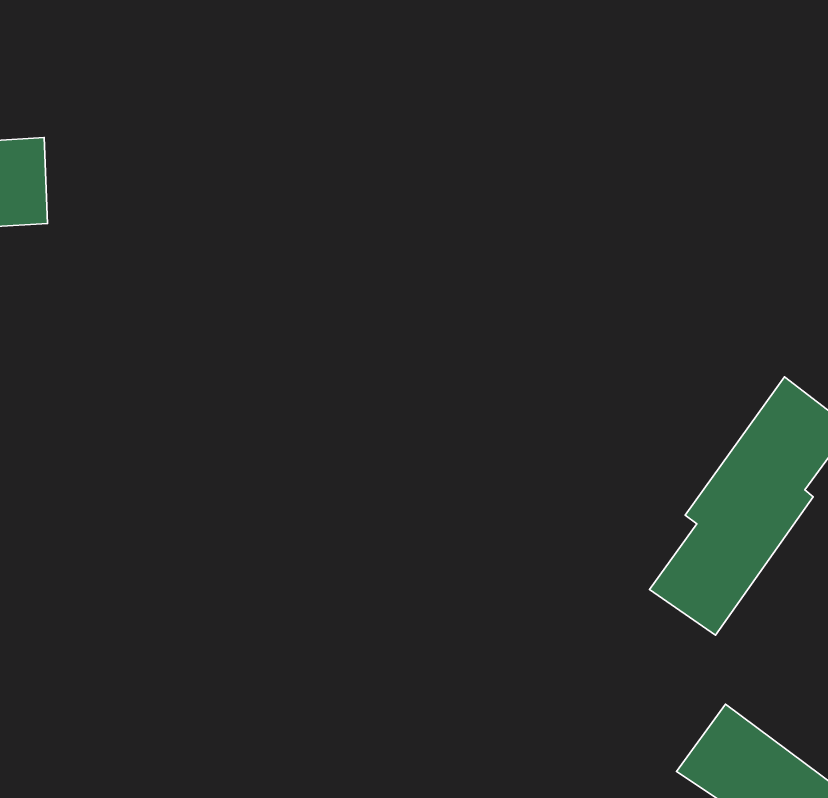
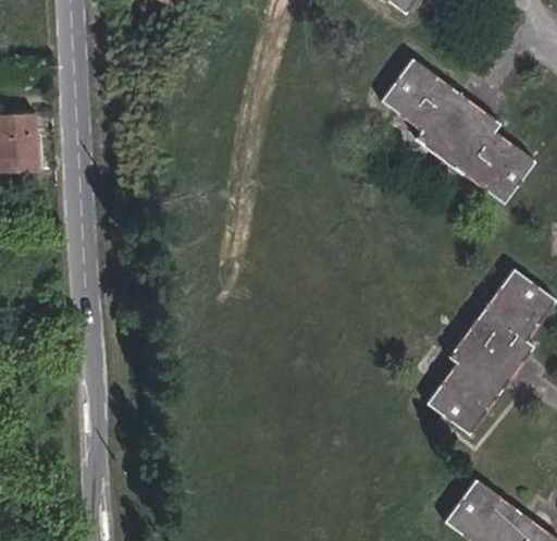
building: none -> [382,60,535,204]

